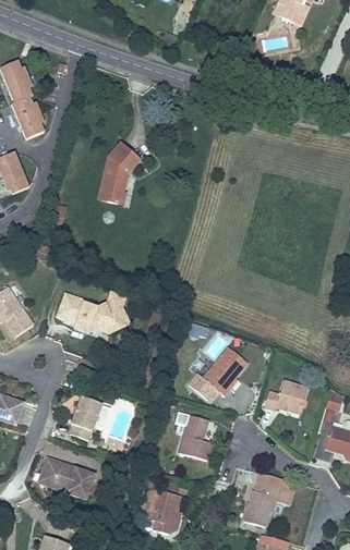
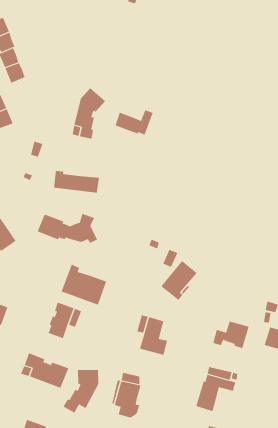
building: none -> [115,109,153,135]
building: none -> [53,170,100,194]
building: none -> [61,264,107,305]
building: [264,380,307,413] -> [212,321,249,349]
building: none -> [63,369,99,413]

